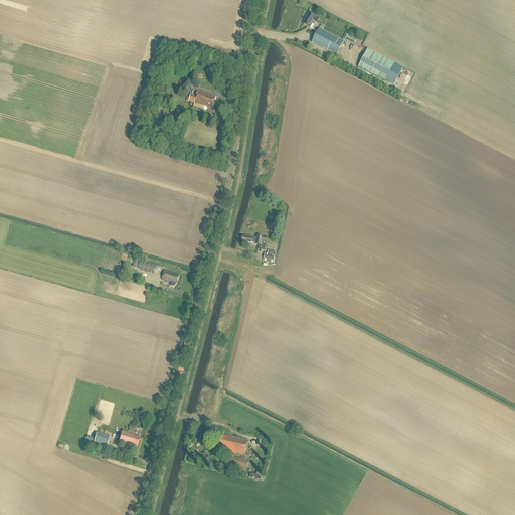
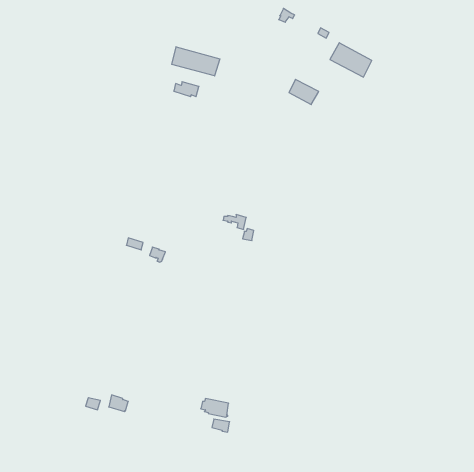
building: [311,26,343,53] -> [289,79,319,105]
building: none -> [172,47,220,76]

